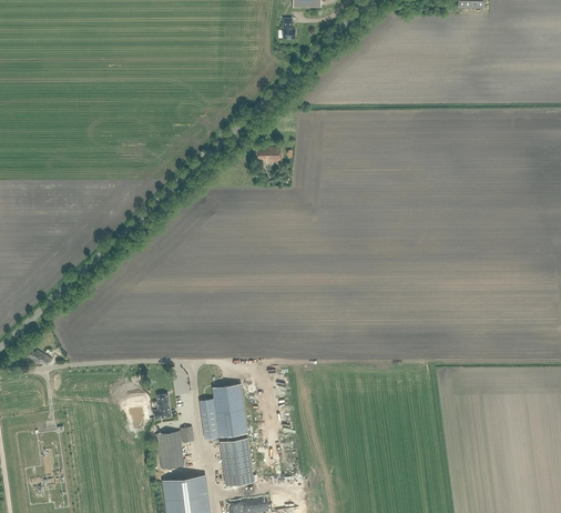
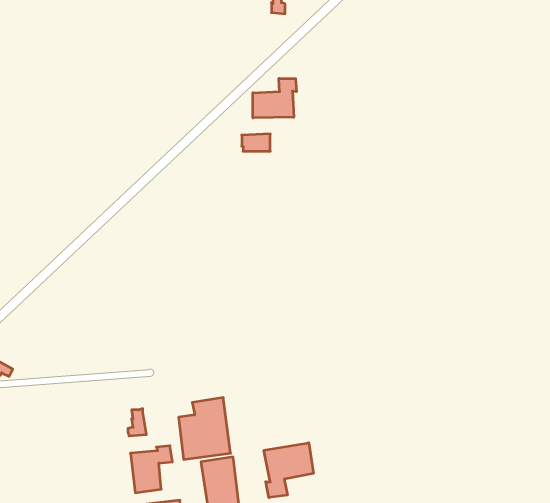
building: none -> [253,78,296,118]
building: none -> [264,443,313,498]

